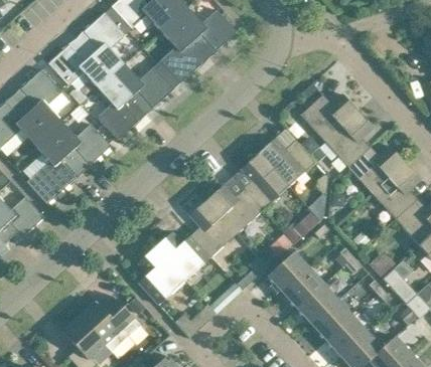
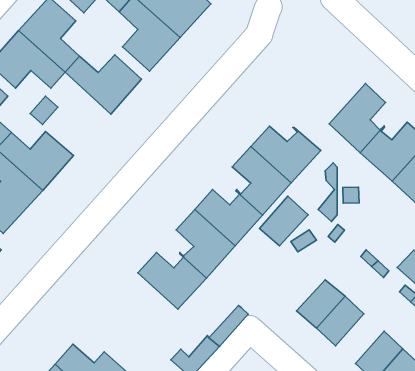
building: [97,75,145,139] -> none
building: [300,94,357,140] -> none
building: [137,246,184,304] -> none
building: [267,250,308,291] -> [259,196,308,246]
building: [311,299,352,339] -> none

